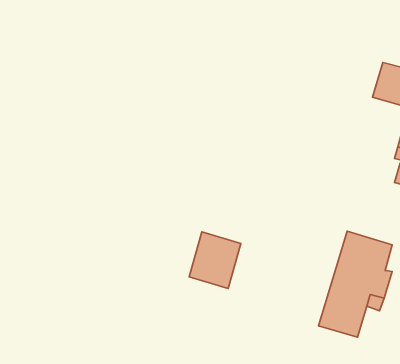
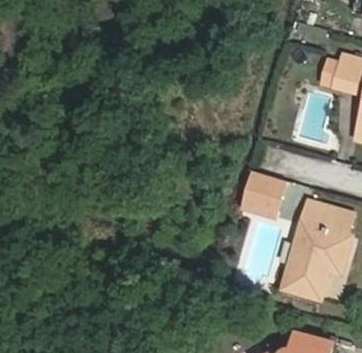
building: [189,232,241,288] -> [237,171,282,220]

